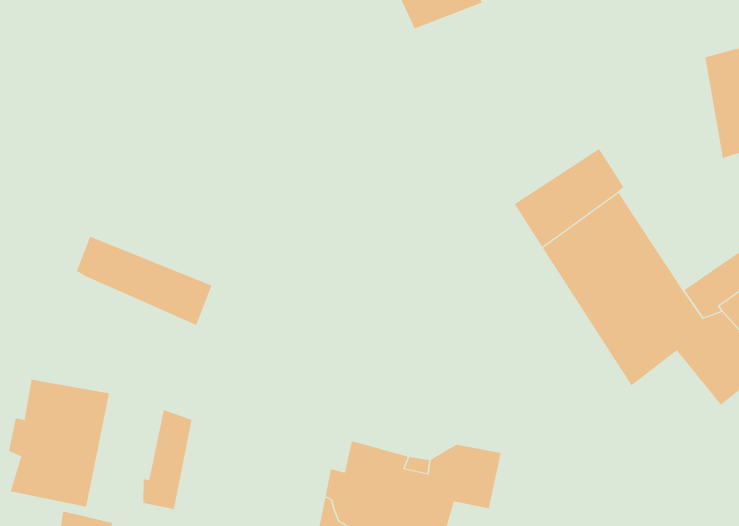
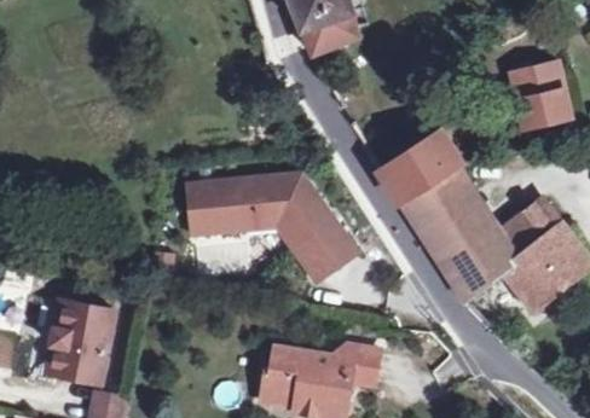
building: none -> [191,174,360,283]
building: [76,236,212,326] -> none
building: [143,409,192,510] -> none

